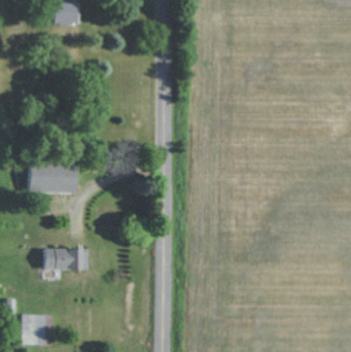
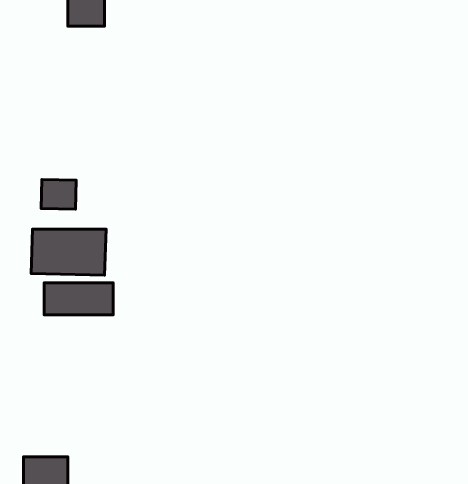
building: none -> [41,180,76,209]
building: [42,249,89,271] -> [44,283,113,315]

